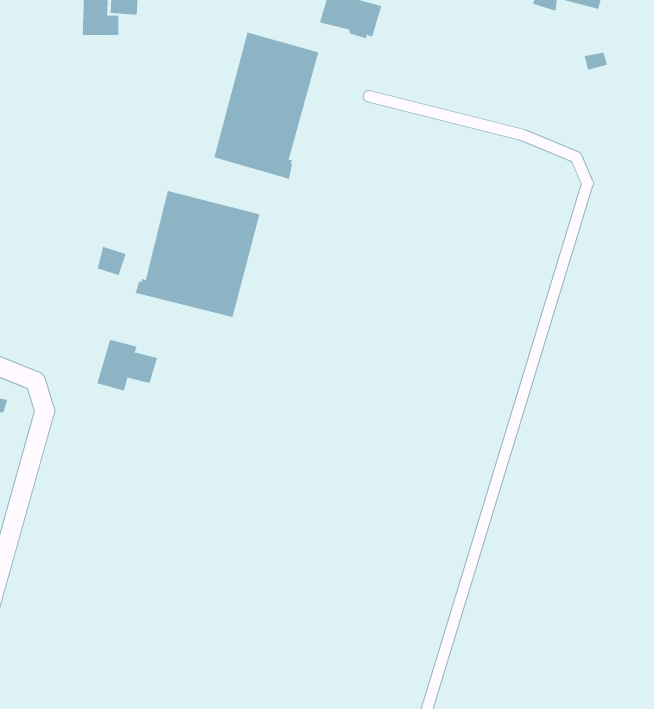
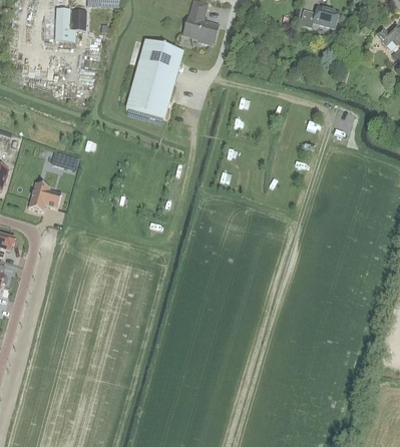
building: [135,190,260,318] -> none
building: [97,339,158,391] -> [28,182,61,210]

